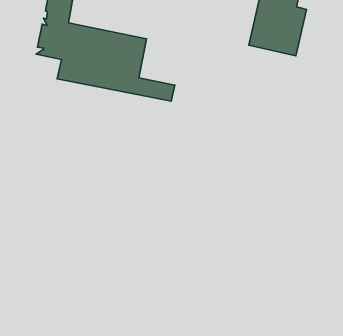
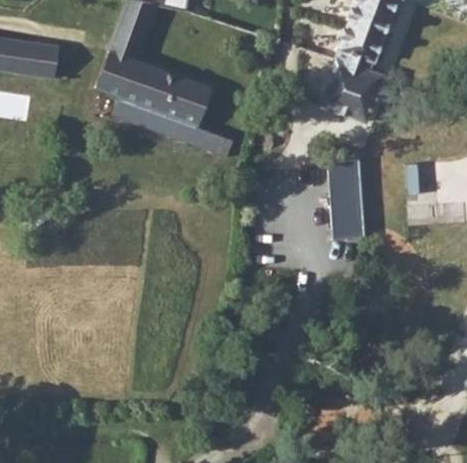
building: none -> [331,160,367,239]

